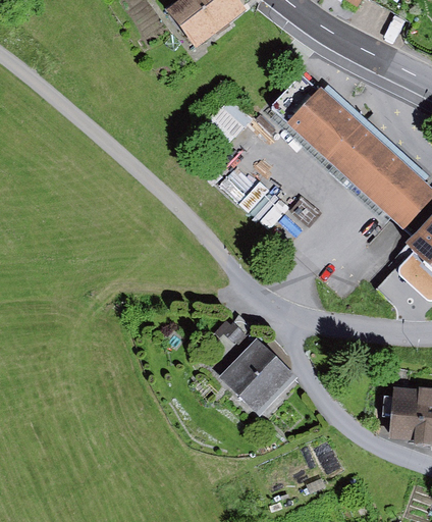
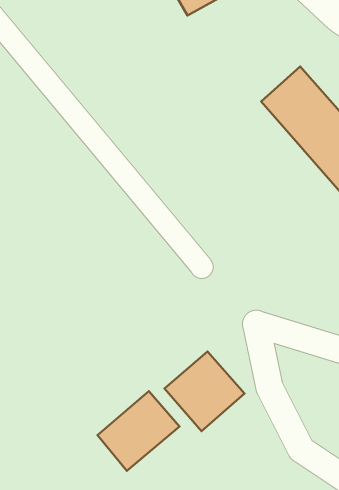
building: none -> [97,391,179,471]

